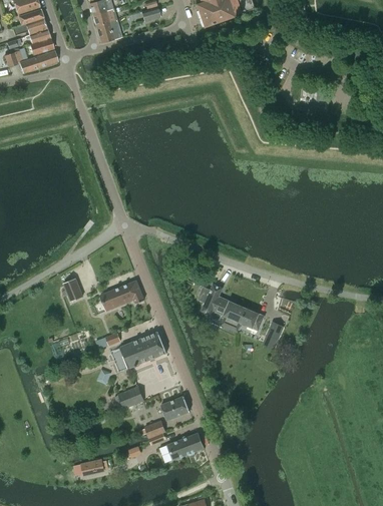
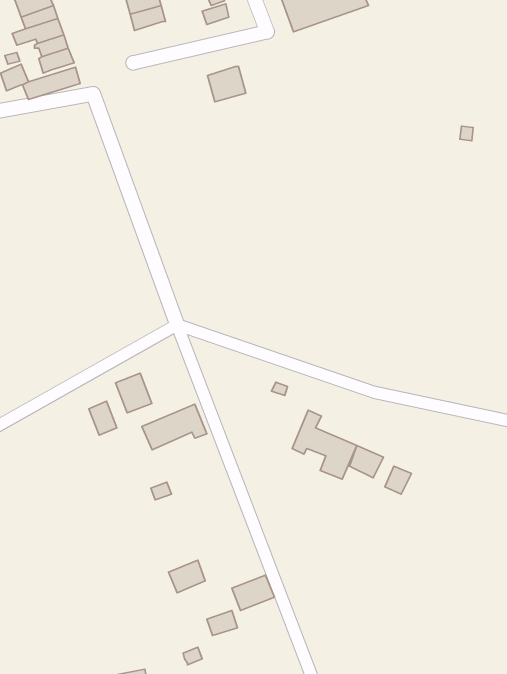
building: [95,19,121,43] -> [207,67,246,102]
building: none -> [116,373,152,413]
building: [121,331,167,368] -> none
building: [168,433,205,459] -> none

